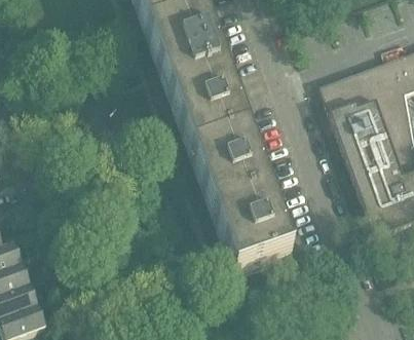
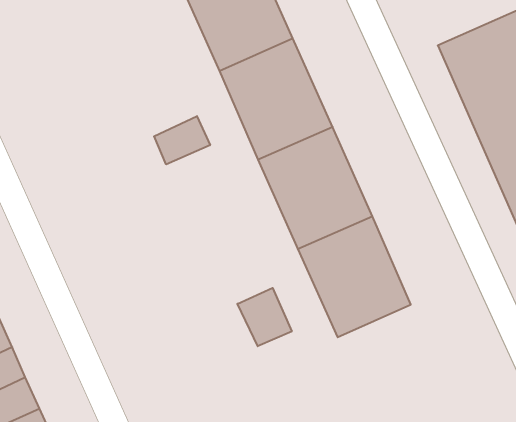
building: none -> [154,116,210,164]
building: none -> [237,288,292,346]

